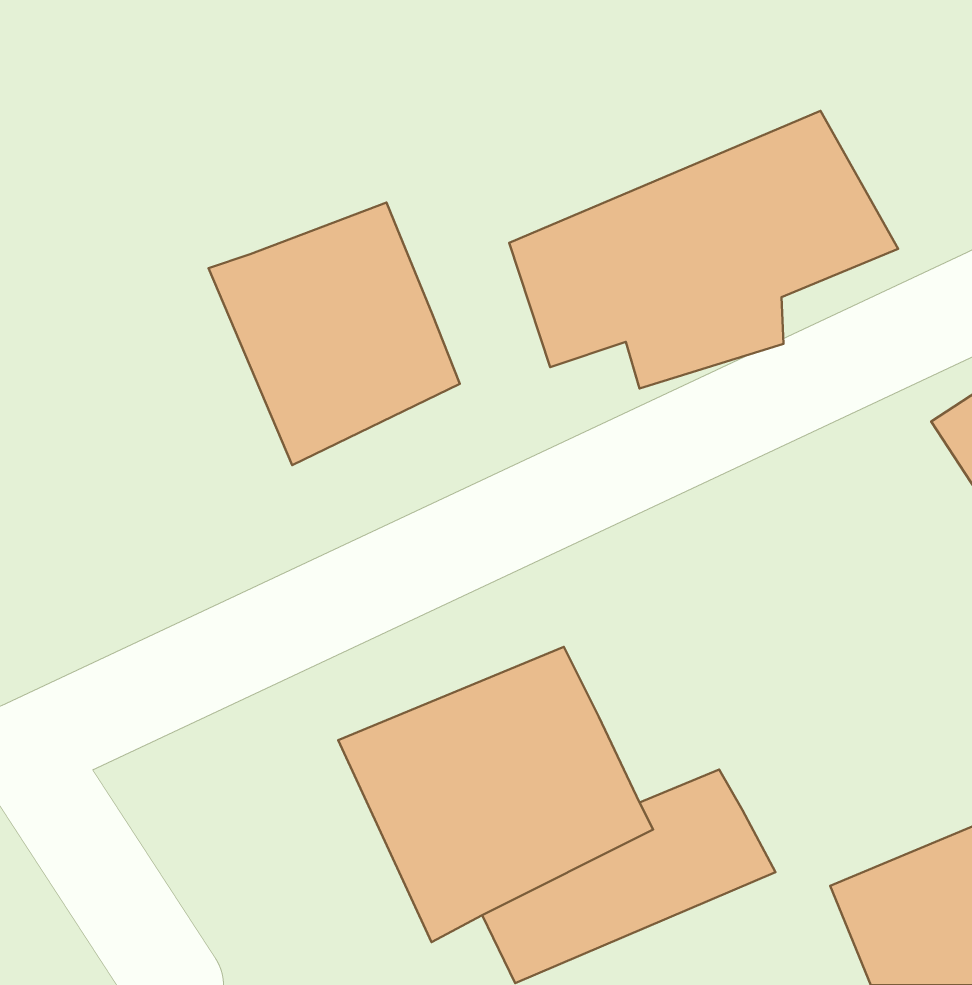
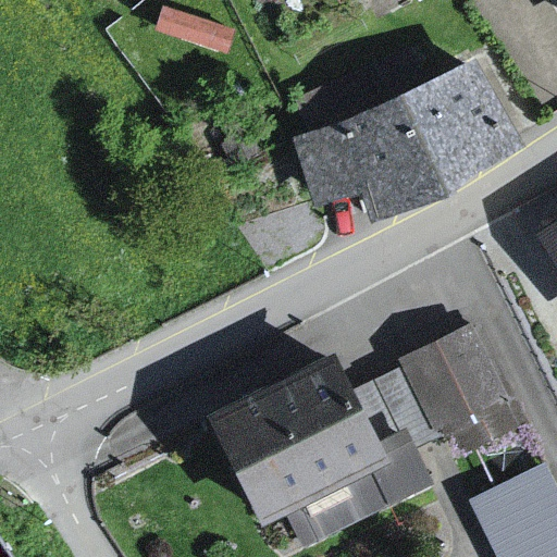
building: [208,202,460,465] -> none
building: none -> [347,324,535,454]

